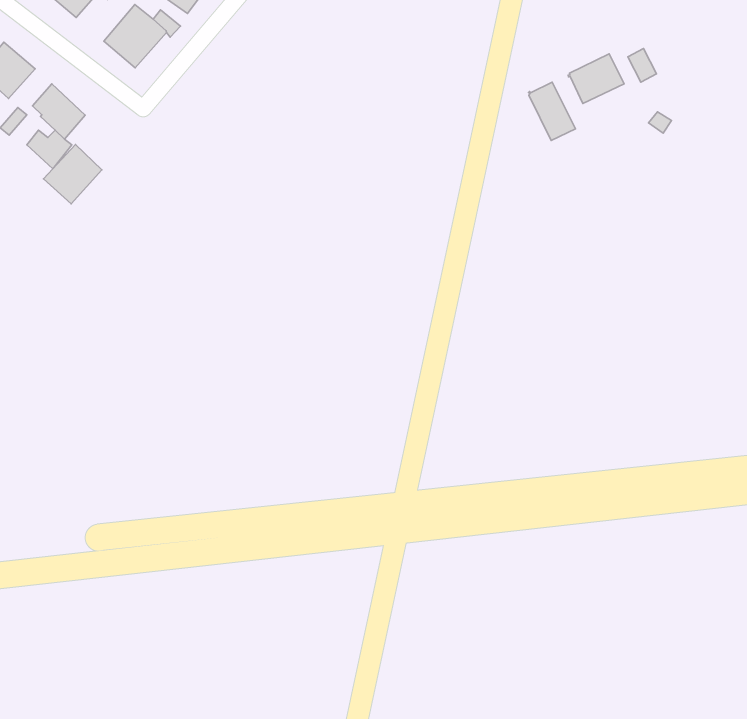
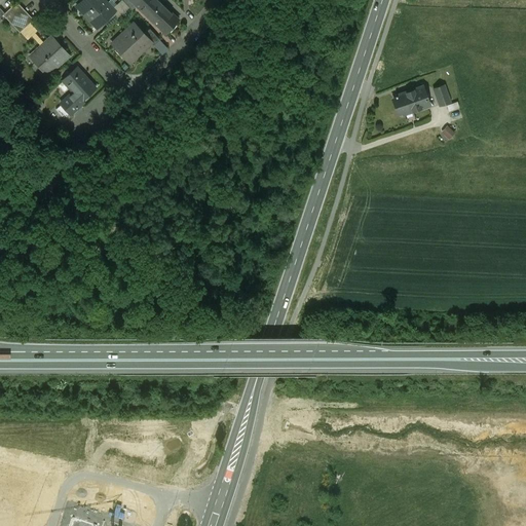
building: [529,82,576,140] -> none
building: [43,145,102,204] -> none

